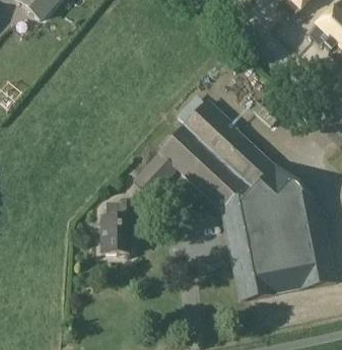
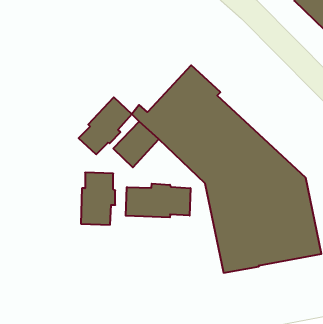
building: none -> [79,97,132,154]
building: none -> [126,184,190,217]

